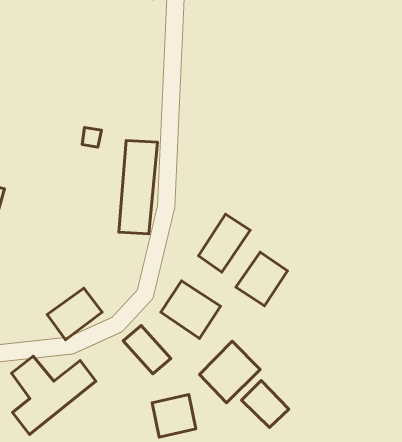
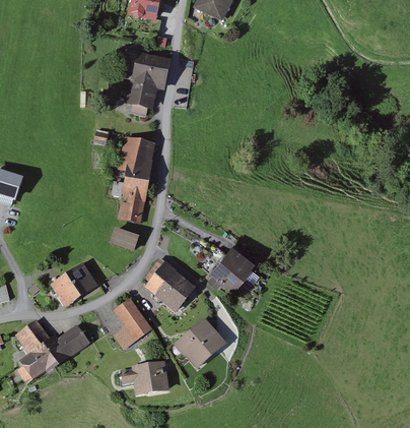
building: none -> [126,53,161,106]
building: [199,214,250,272] -> none
building: none -> [110,228,138,251]
building: [242,381,289,428] -> none

